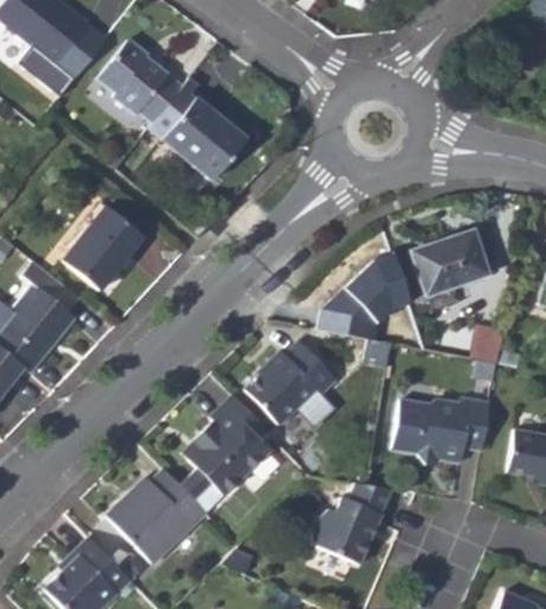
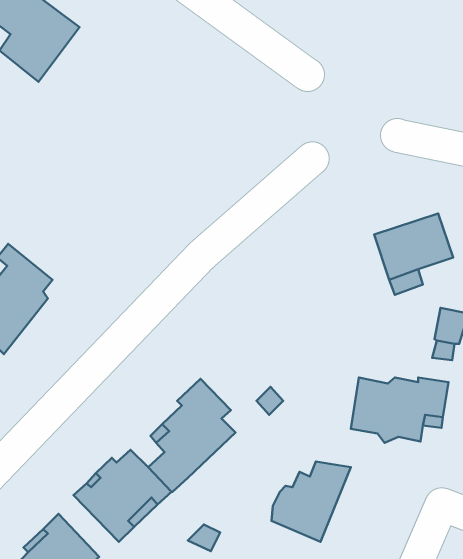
building: [99,39,182,121] -> none
building: [163,99,247,181] -> none
building: [64,206,144,289] -> none
building: [321,255,415,339] -> none
building: [243,341,334,426] -> none

